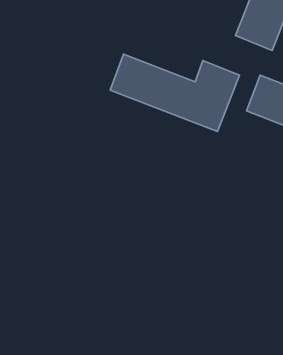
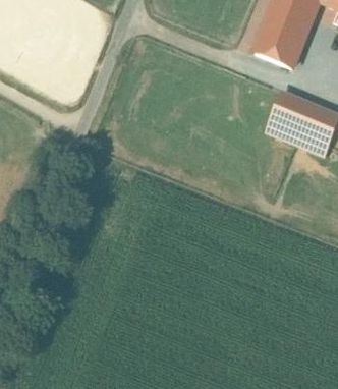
building: [110,54,239,132] -> none

